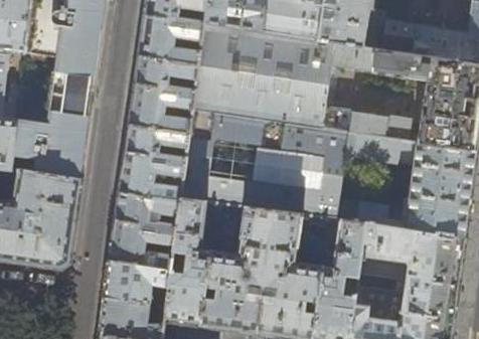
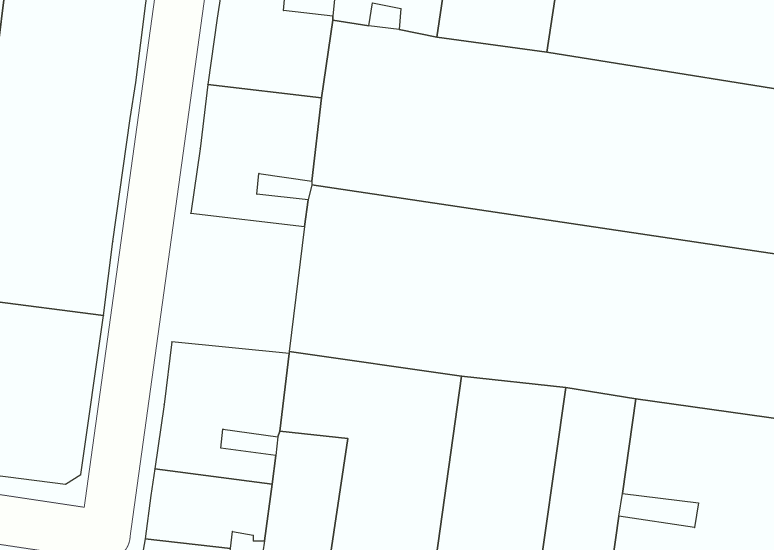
building: [117,126,187,200] -> none

